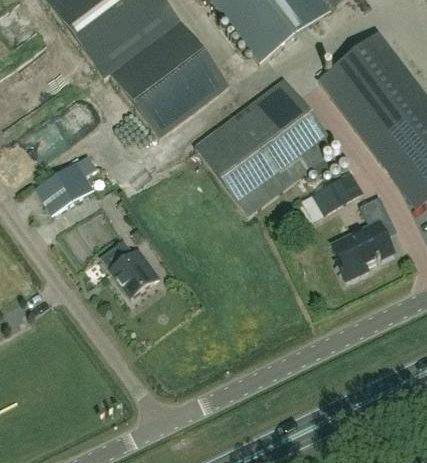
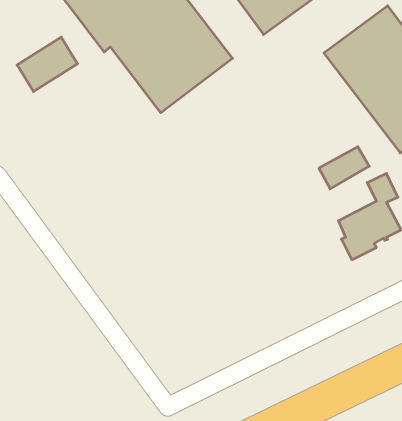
building: [194,78,335,216] -> none
building: [35,162,94,215] -> [17,37,78,92]
building: [101,241,159,298] -> none

